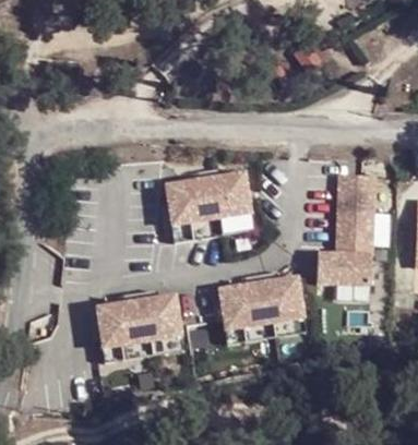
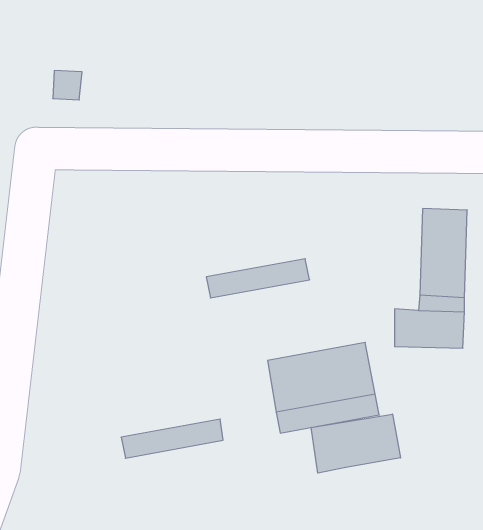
building: [163,169,248,224] -> none
building: [96,294,181,349] -> none
building: none -> [311,414,400,473]

